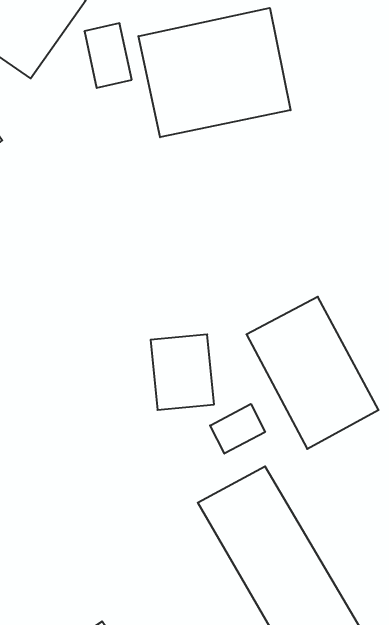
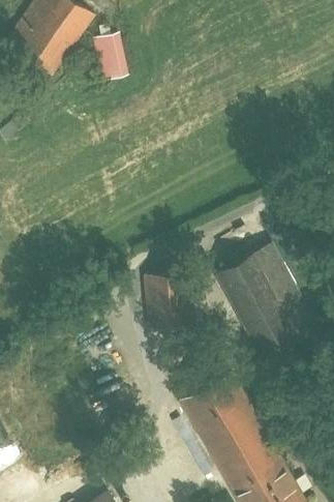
building: [138,8,291,137] -> none
building: [210,404,265,454] -> none

